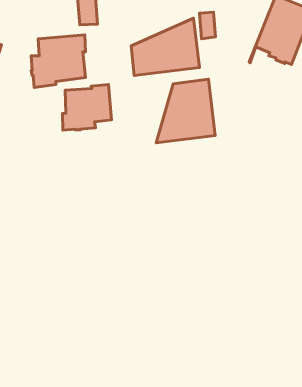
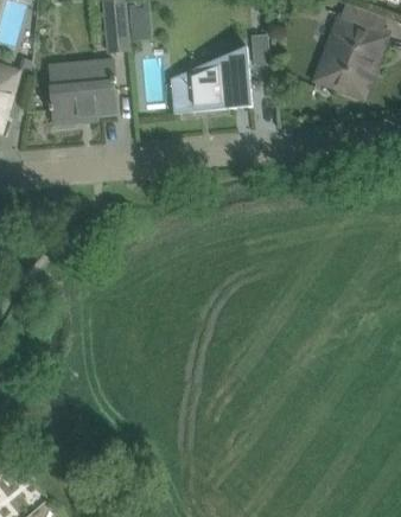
building: [156,79,215,143] -> none
building: [63,84,112,130] -> none

